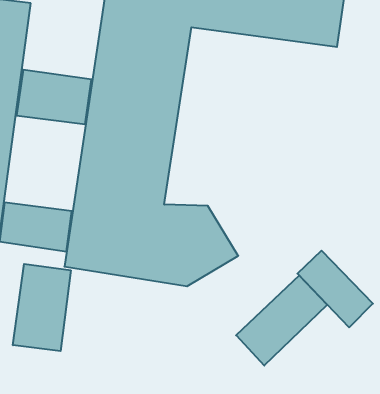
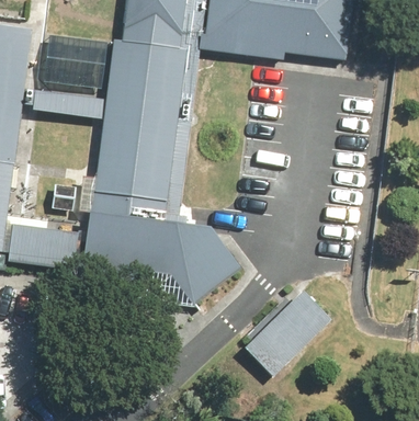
building: [297,251,373,327] -> none
building: [13,264,71,351] -> none

